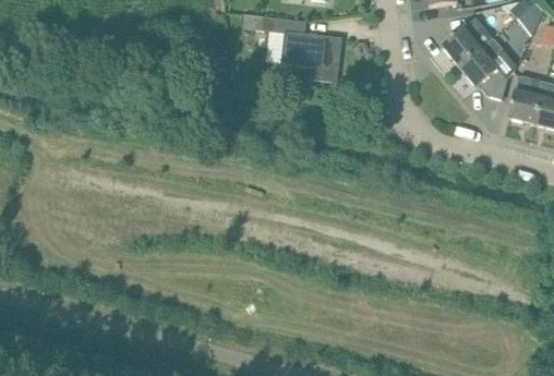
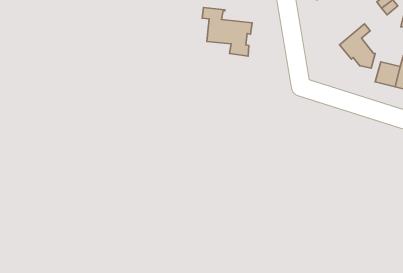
building: [442,16,494,66] -> none

